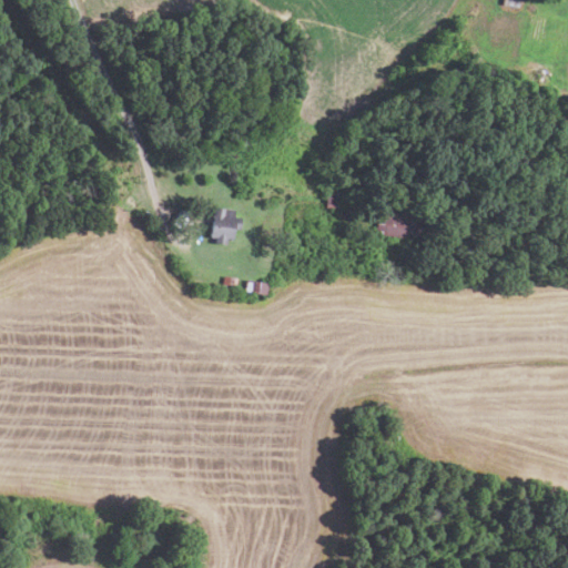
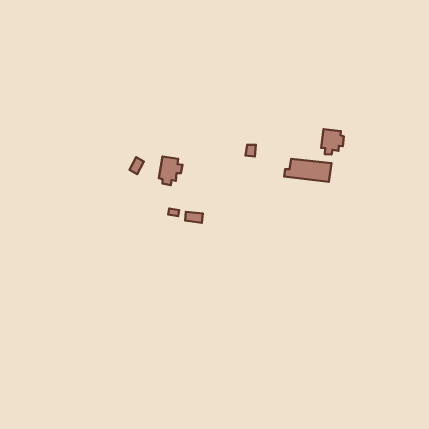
building: none -> [321,129,344,154]

